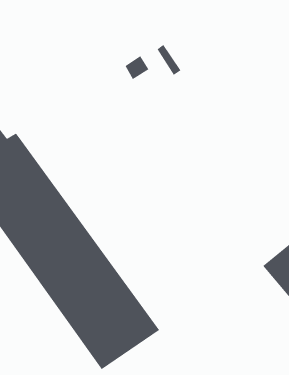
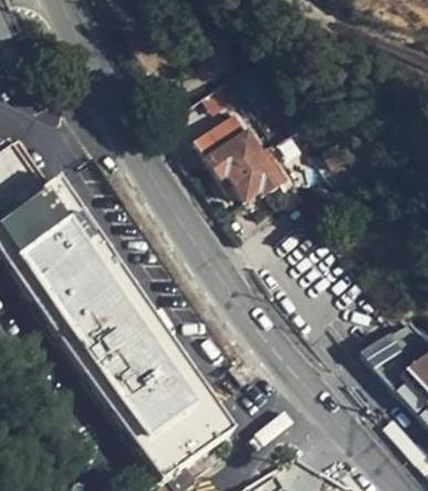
building: none -> [186,118,274,207]

